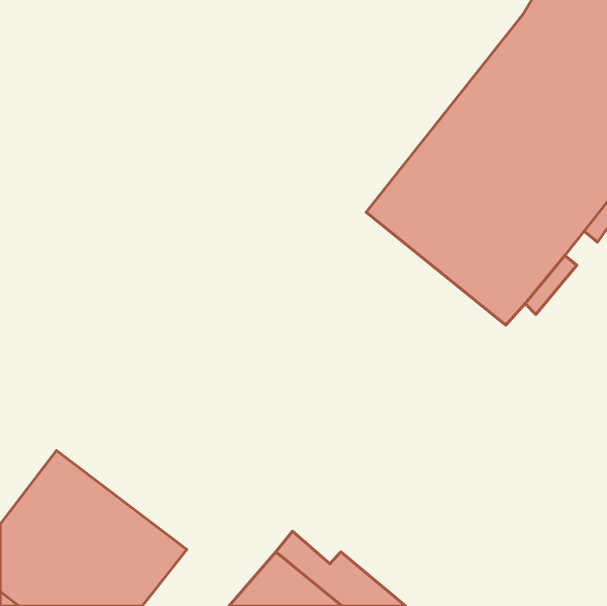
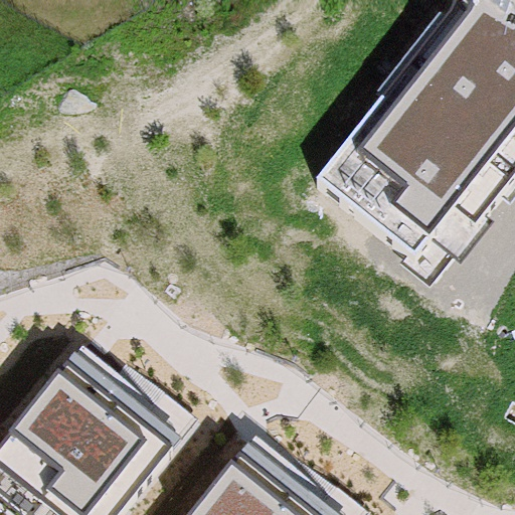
building: none -> [54,356,187,459]

